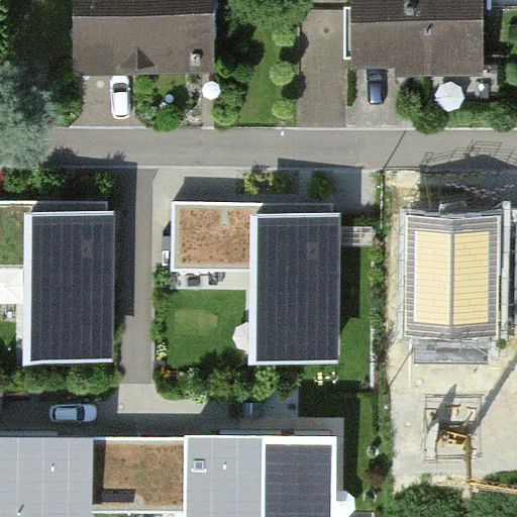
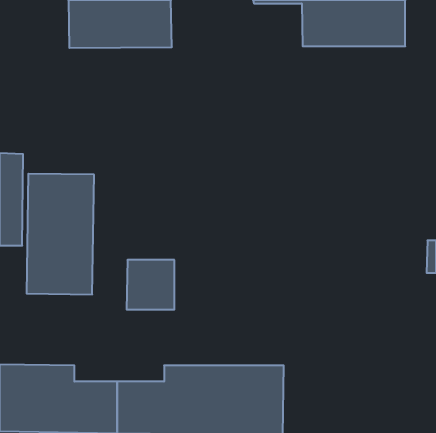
building: [173,215,229,274] -> [127,260,174,310]
building: [255,215,336,358] -> none
building: [414,216,492,327] -> none

